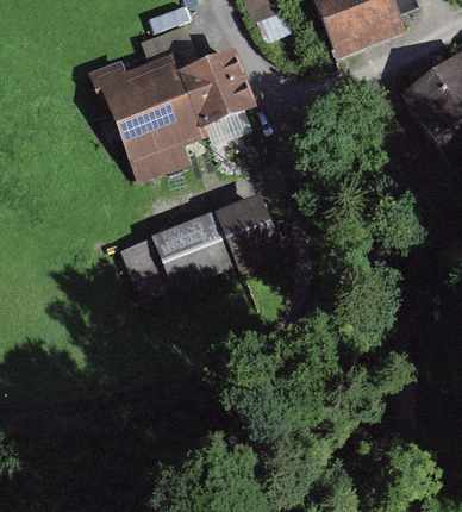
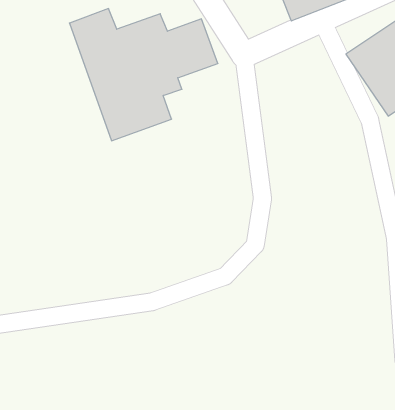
building: [123,192,285,304] -> none

